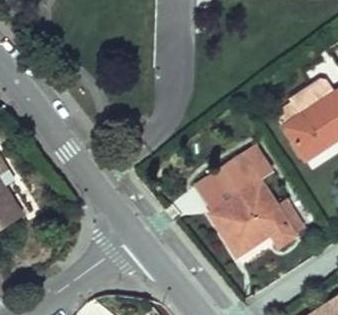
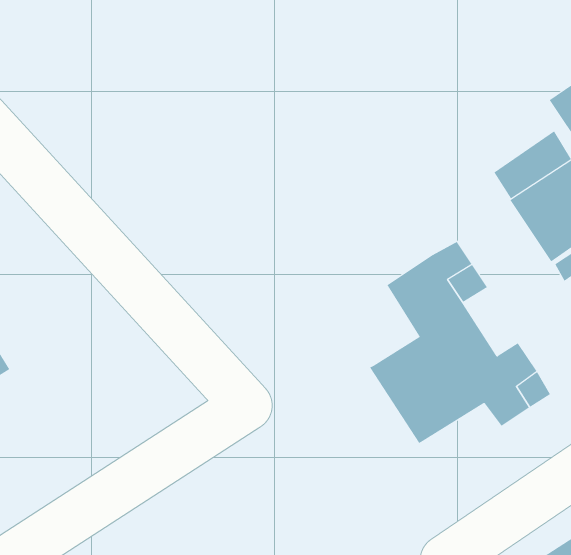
building: [195,171,236,213] -> none

